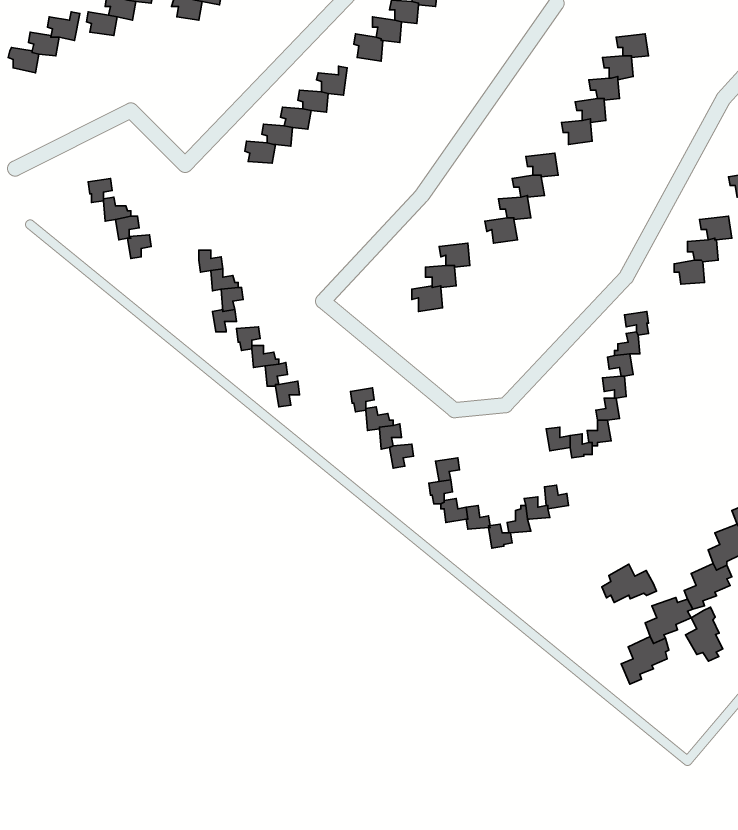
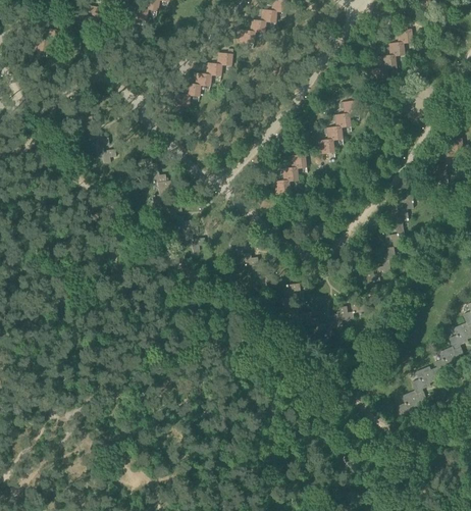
building: [602,564,657,602] -> none
building: [685,607,723,661] -> none

